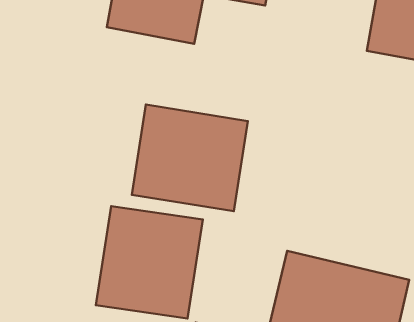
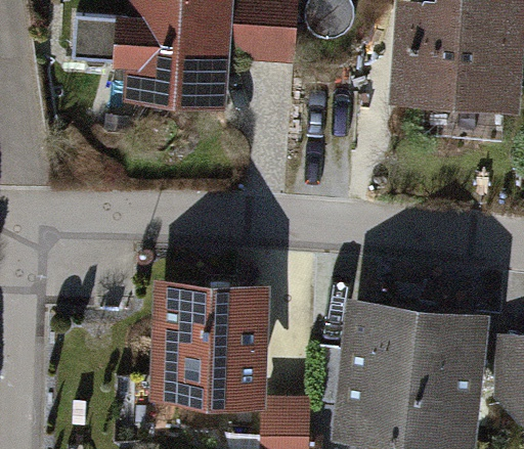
building: [132,104,248,211] -> none

